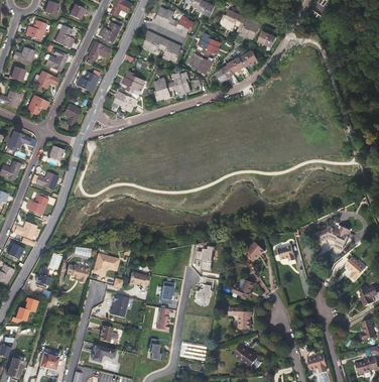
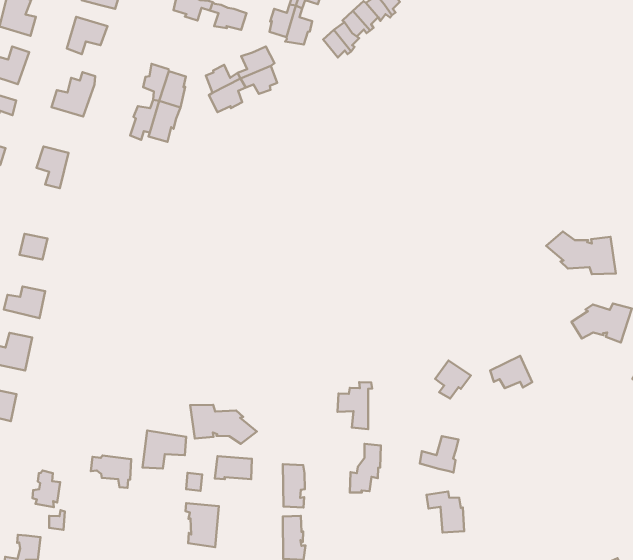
building: none -> [546,232,616,274]
building: none -> [190,405,257,444]

